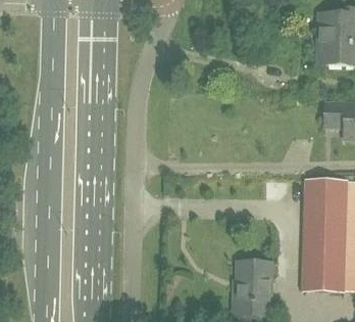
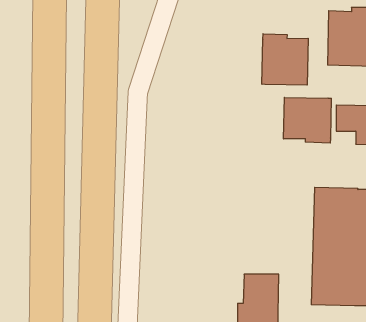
building: none -> [262,34,308,85]
building: none -> [284,97,331,143]

